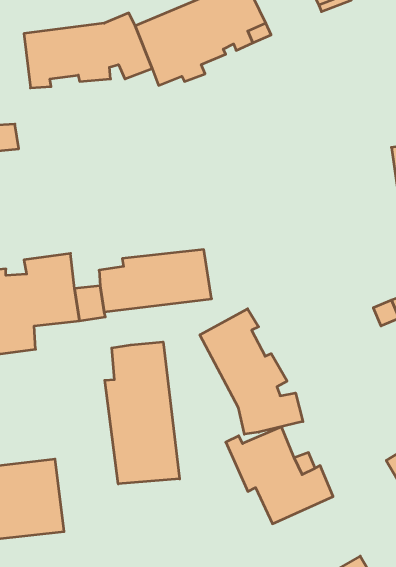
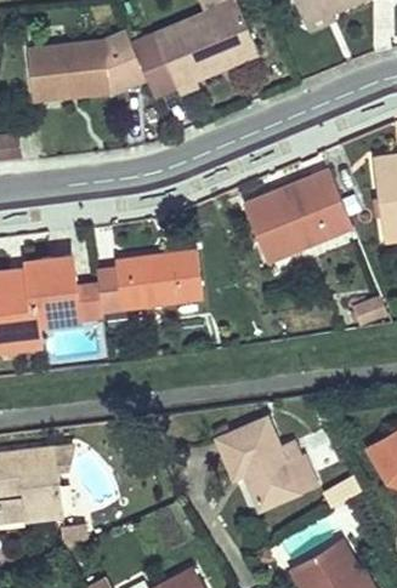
building: none -> [242,169,351,261]
building: [200,309,303,434] -> none
building: [105,342,180,484] -> none

